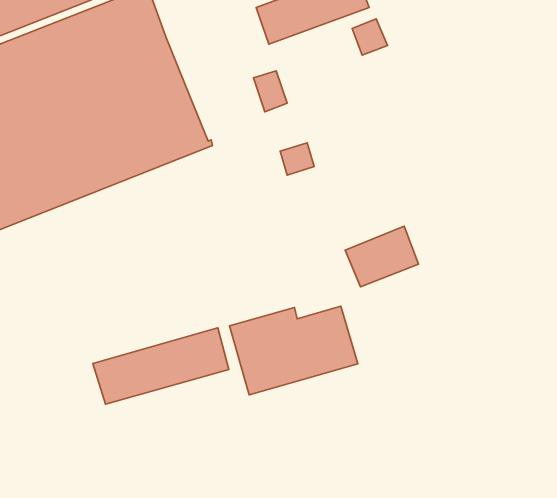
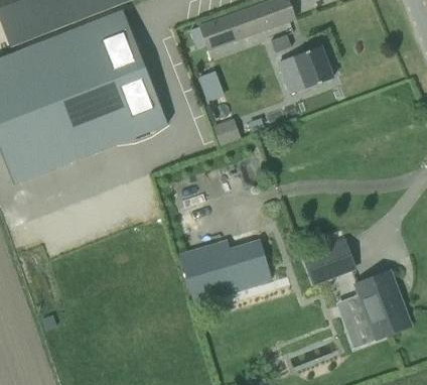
building: none -> [281,45,333,92]
building: [345,226,418,287] -> [303,240,355,283]
building: [93,328,229,404] -> none
building: none -> [342,271,409,347]

